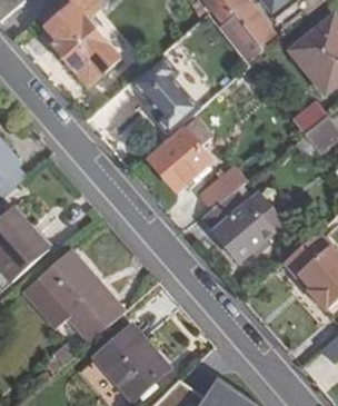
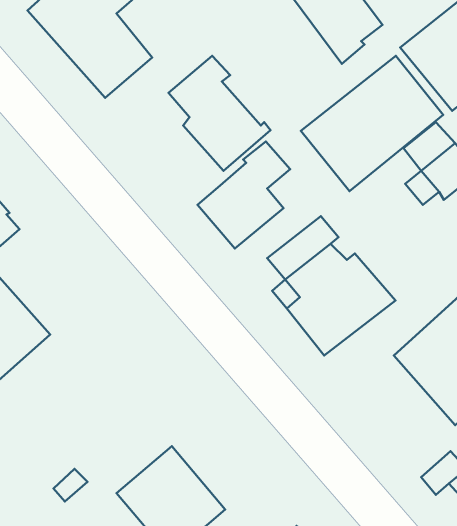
building: none -> [301,56,443,191]
building: [22,248,125,343] -> none

